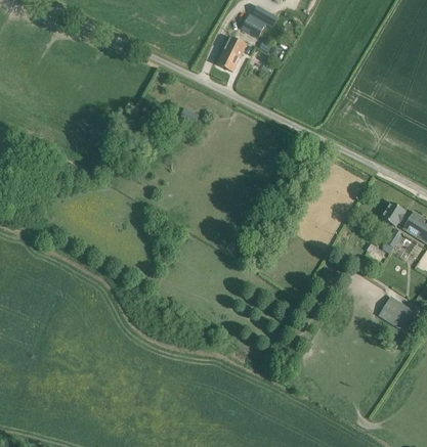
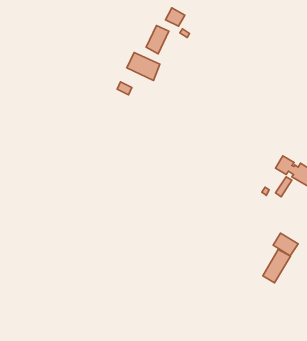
building: none -> [127,53,160,80]
building: none -> [263,250,291,283]

